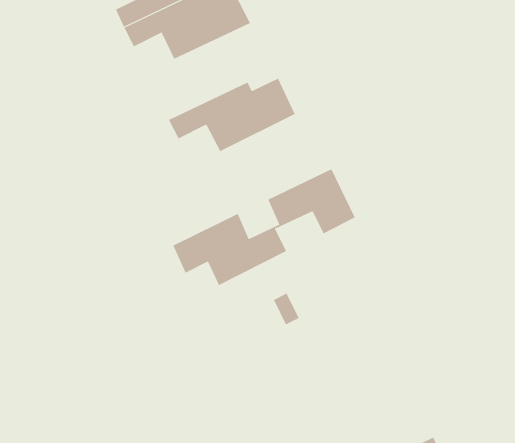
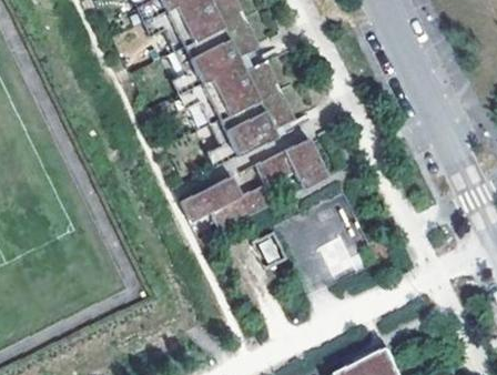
building: none -> [172,20,260,97]
building: none -> [207,92,295,170]

